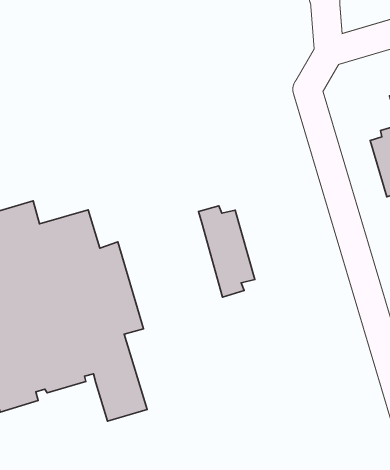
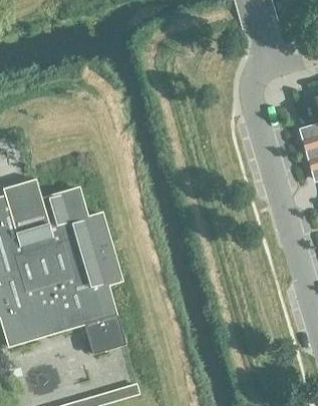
building: [199,206,255,297] -> none

